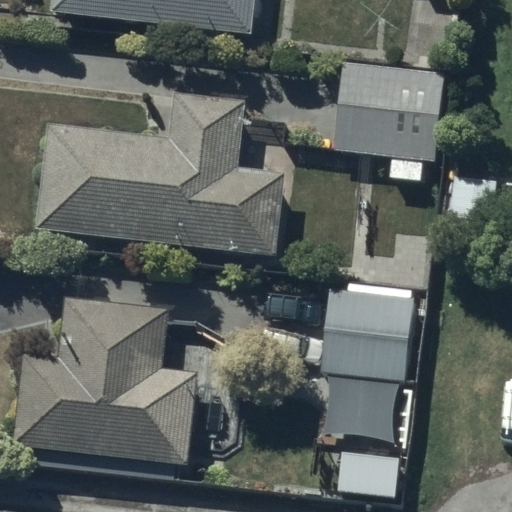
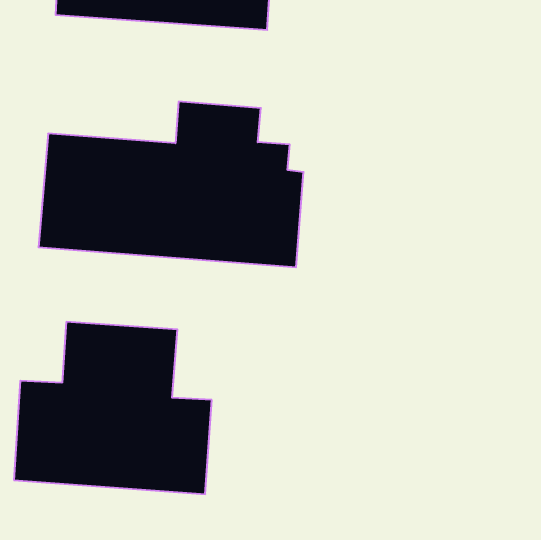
building: [335,64,442,179] -> none
building: [321,292,412,438] -> none

